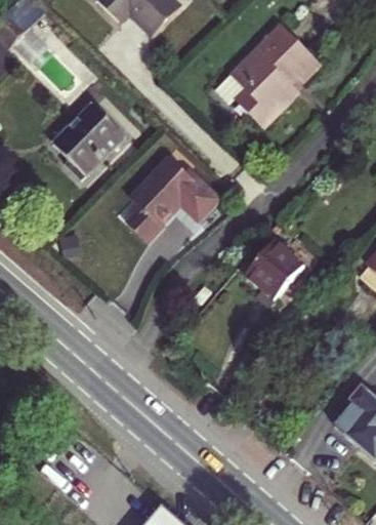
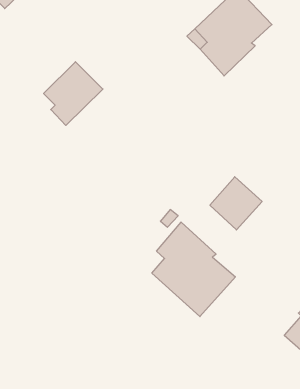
building: [130,156,221,241] -> none
building: none -> [152,222,235,317]

